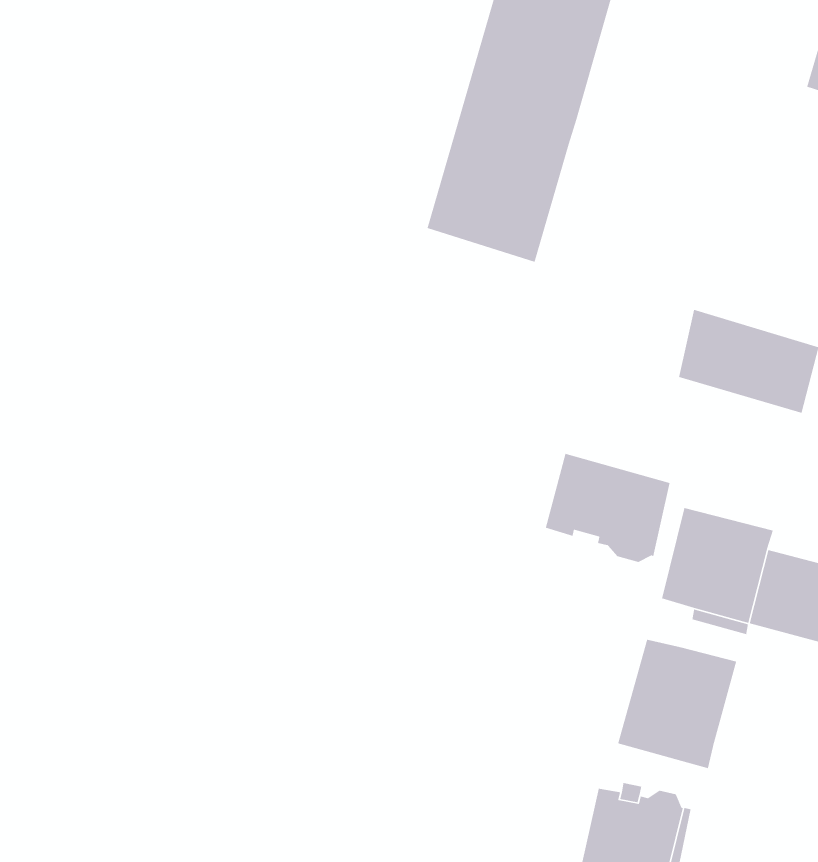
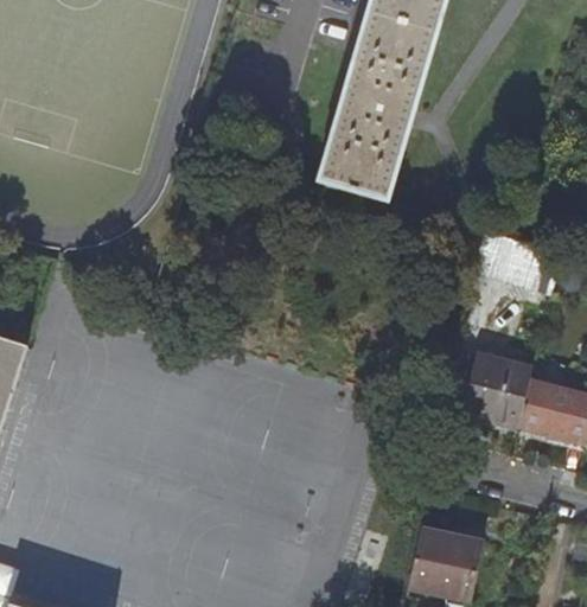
building: [545,453,671,563] -> none
building: [617,639,737,769] -> none

